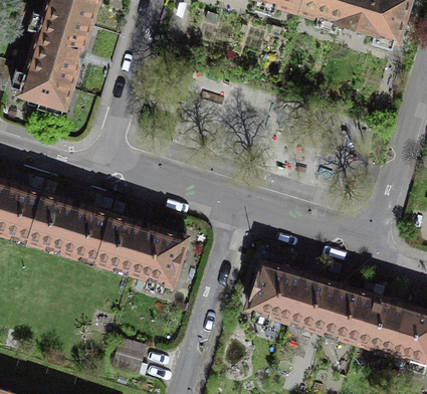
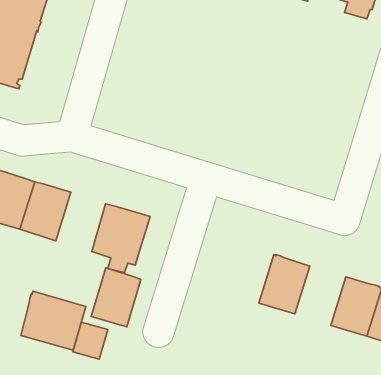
building: [96,214,144,270] -> [91,268,141,327]
building: [248,261,303,324] -> none
building: [324,284,372,341] -> none
building: none -> [21,291,86,350]

